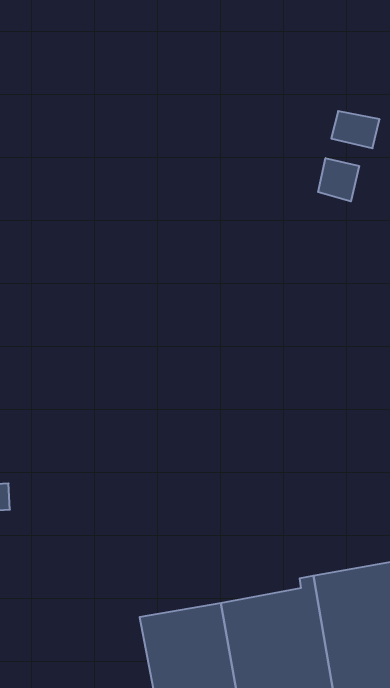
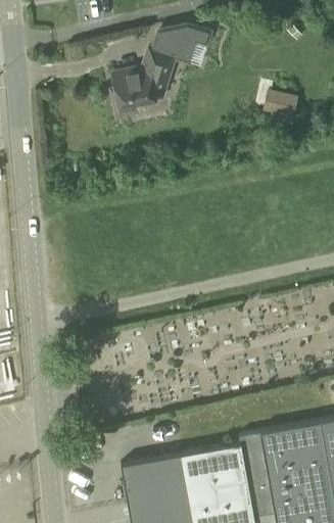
building: none -> [111,25,206,118]
building: [318,158,359,201] -> none

